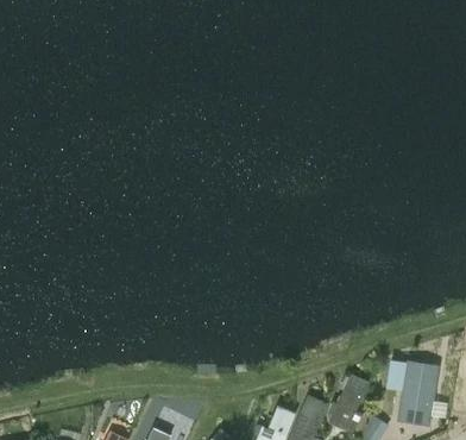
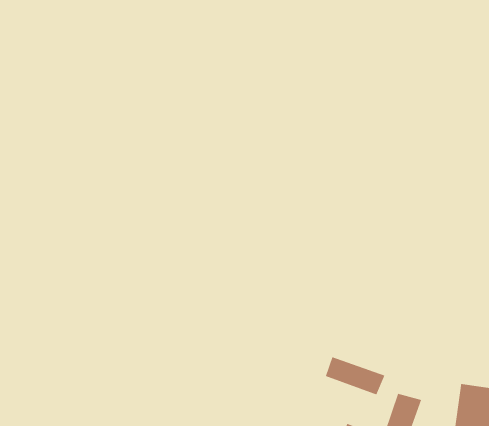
building: none -> [325,356,386,395]

